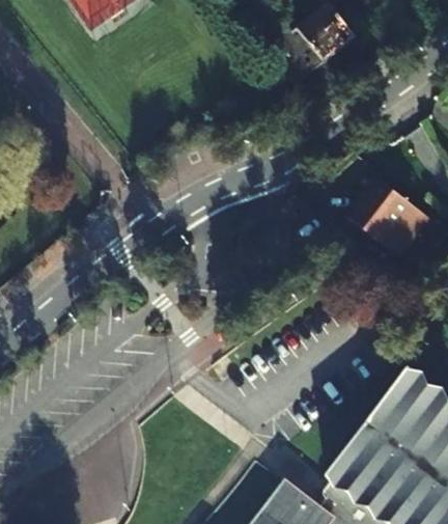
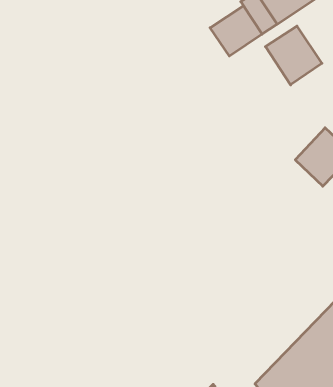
building: none -> [210,6,262,56]
building: none -> [265,26,322,85]

